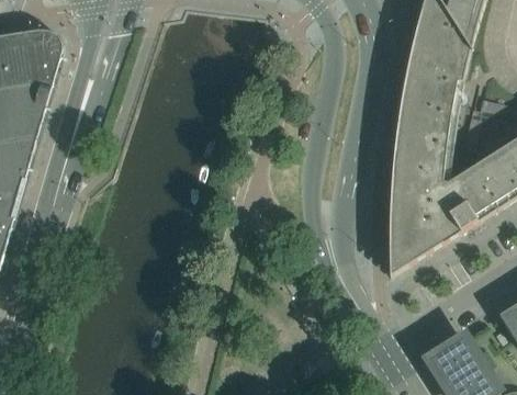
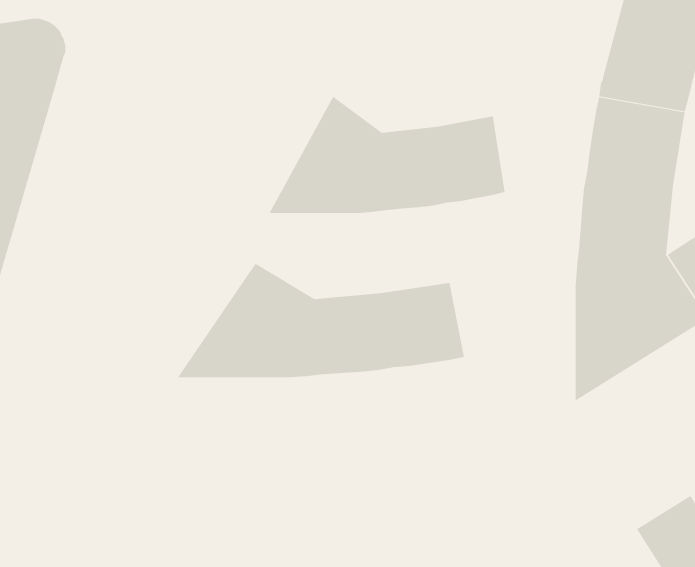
building: none -> [269,96,505,214]
building: none -> [177,263,464,378]

